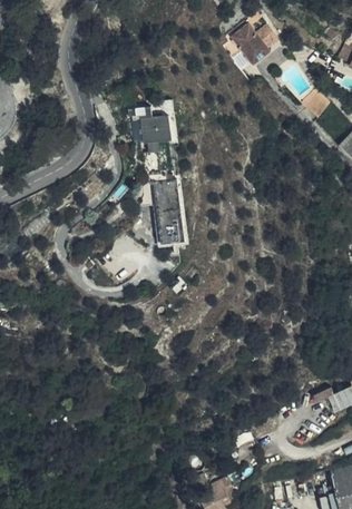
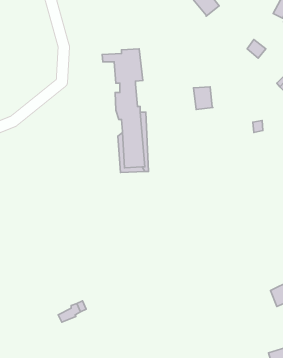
building: none -> [193,87,213,110]

